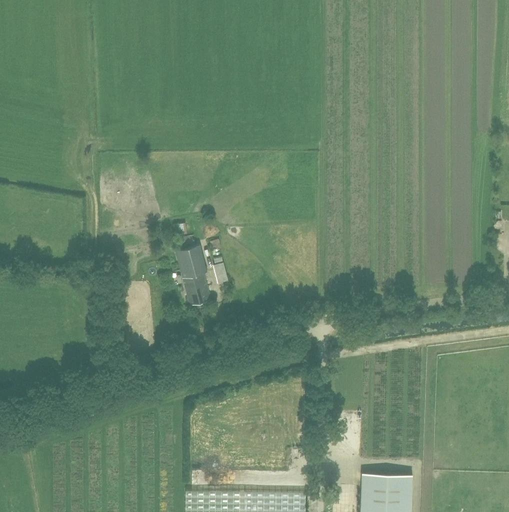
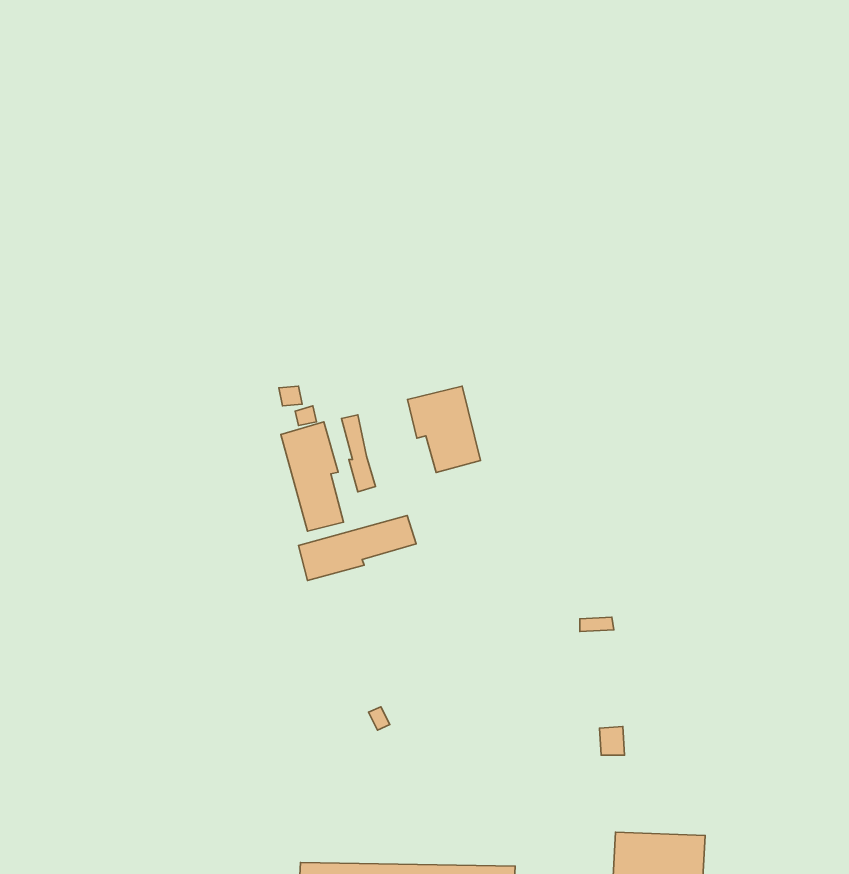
building: none -> [408,386,481,473]
building: none -> [299,515,416,580]

